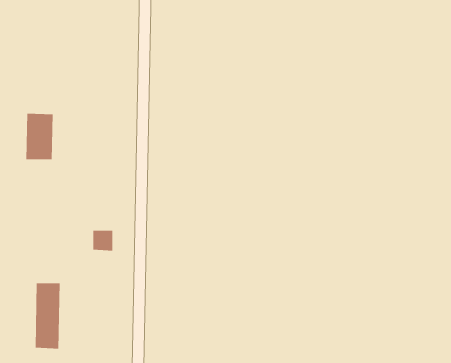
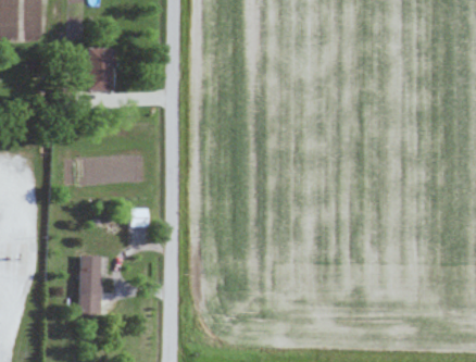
building: [25,113,54,160] -> [88,48,113,89]

